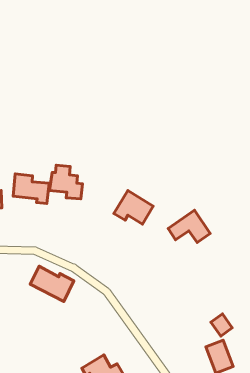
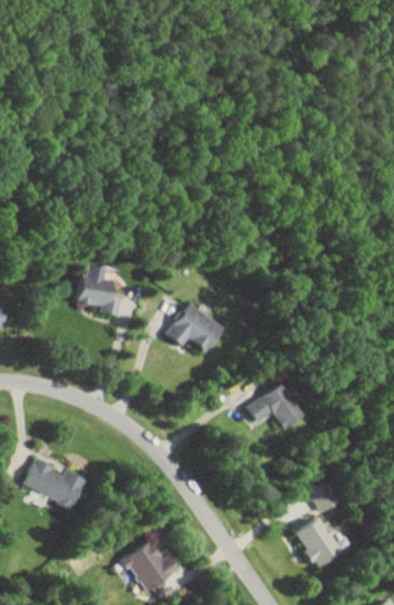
building: [13,174,49,204] -> none
building: [168,210,210,242] -> [243,383,304,430]
building: [30,266,74,301] -> [24,459,87,510]

